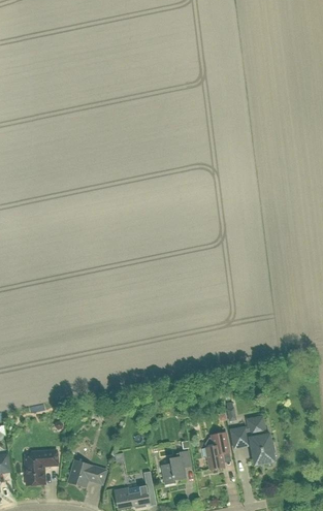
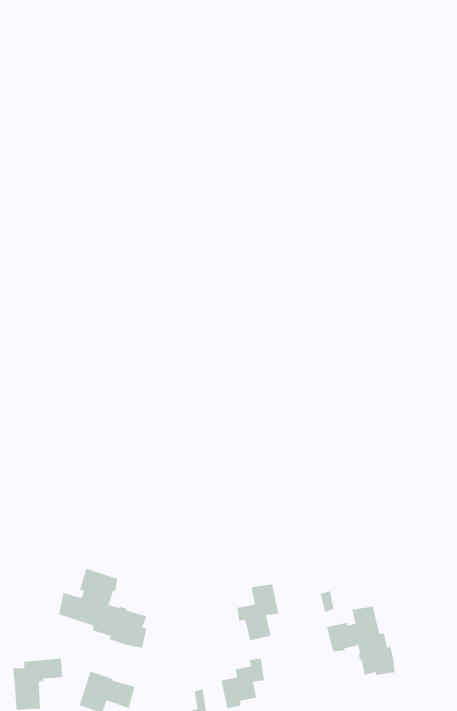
building: none -> [59,568,147,649]
building: [201,433,229,470] -> [237,584,279,641]

